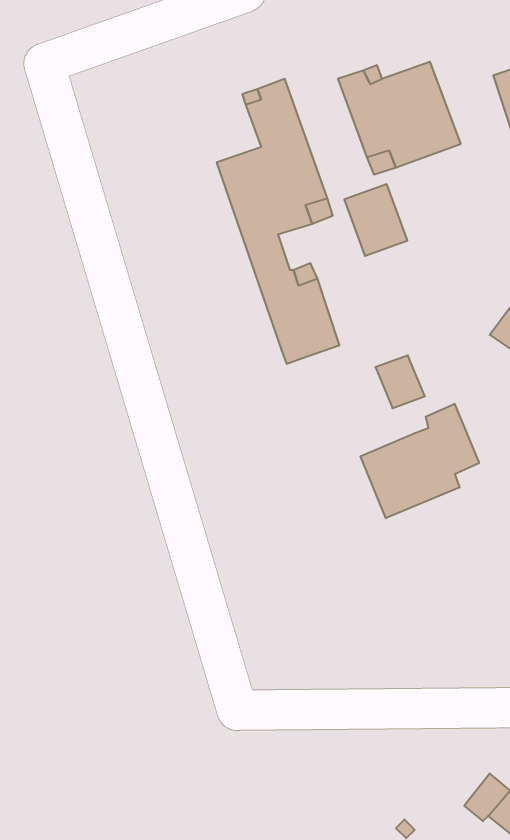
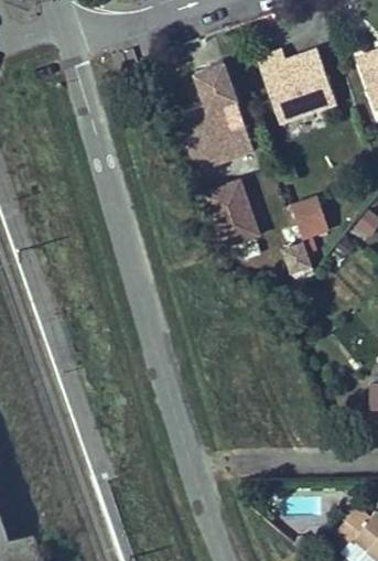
building: [344,184,407,256] -> [291,192,332,238]
building: [361,404,479,518] -> none

